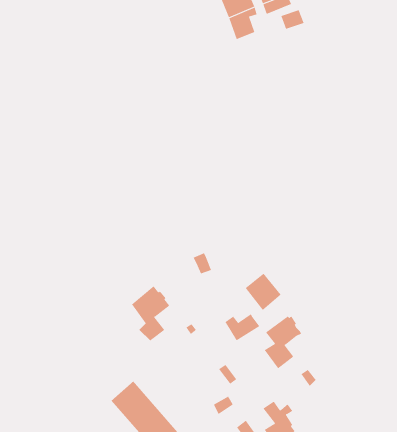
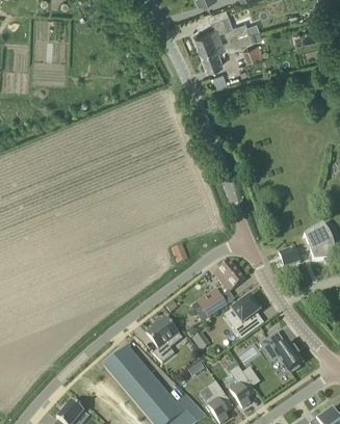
building: none -> [279,223,335,267]
building: [131,285,170,341] -> [147,316,179,362]
building: none -> [274,340,304,371]

